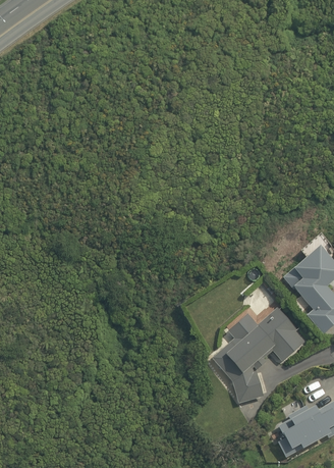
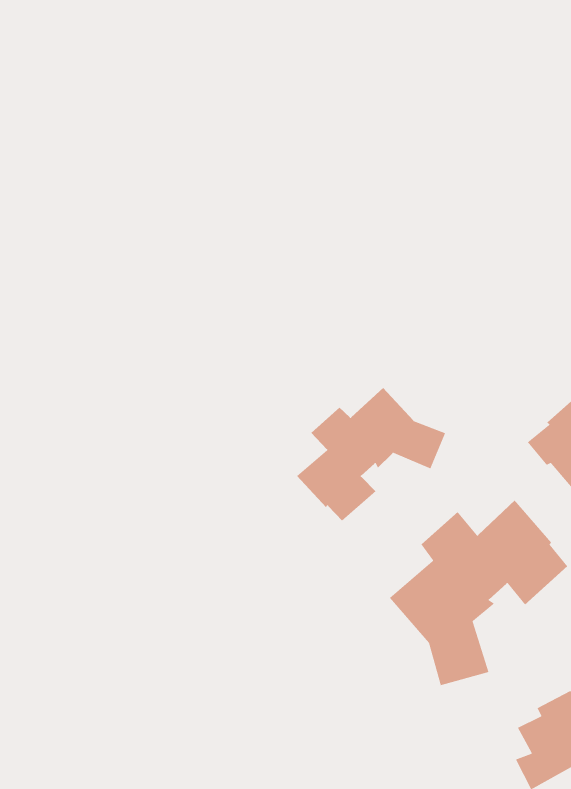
building: none -> [296,387,446,522]

